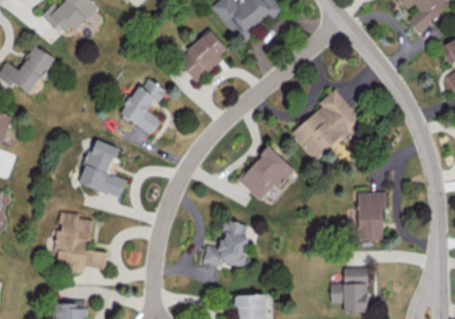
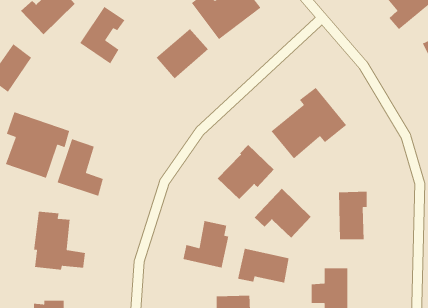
building: [120,77,166,135] -> [79,6,125,65]
building: none -> [5,111,70,179]
building: none -> [254,188,312,238]
building: none -> [237,248,290,283]

